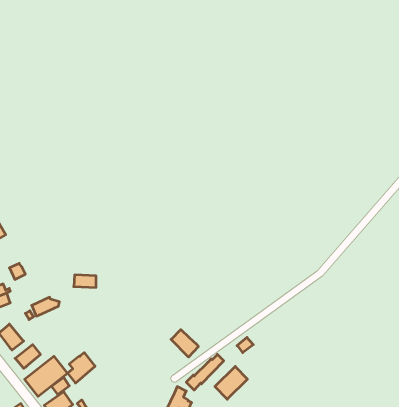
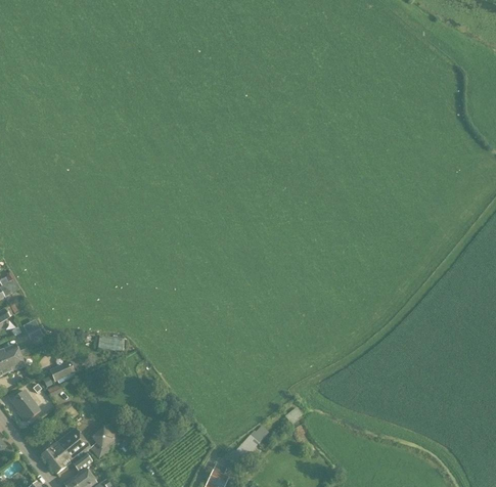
building: [171,330,198,357] -> none
building: [15,345,40,368] -> none
building: [215,366,247,399] -> none

